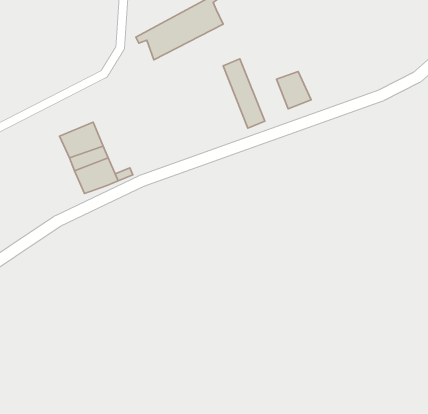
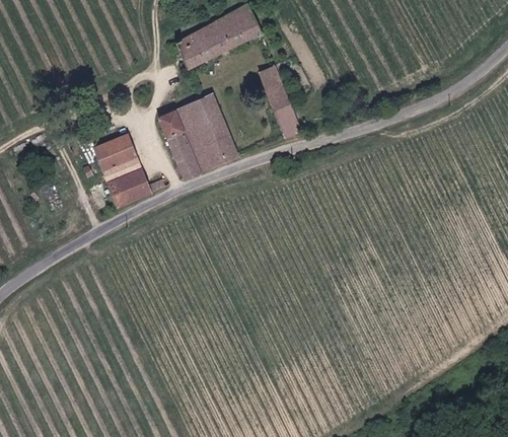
building: [276,72,311,109] -> none
building: none -> [159,94,238,179]

